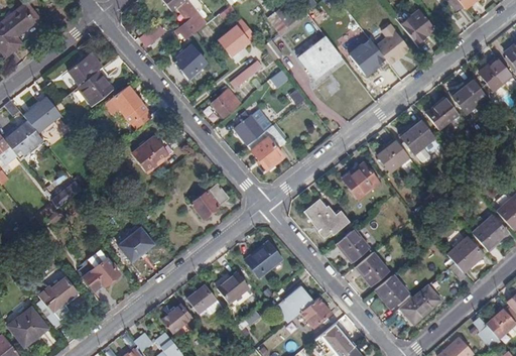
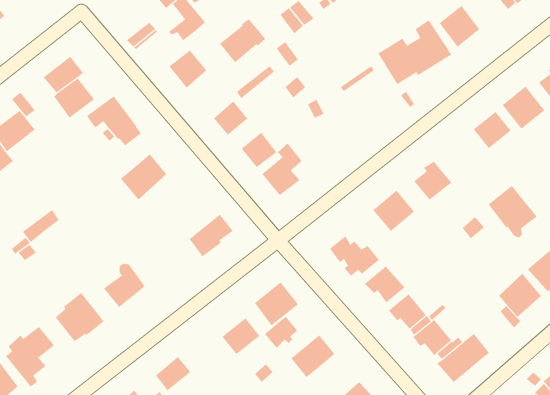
building: [294,37,336,77] -> none
building: [400,119,441,163] -> [488,185,537,238]
building: [186,285,221,314] -> none
building: [298,298,327,325] -> [264,316,298,349]

